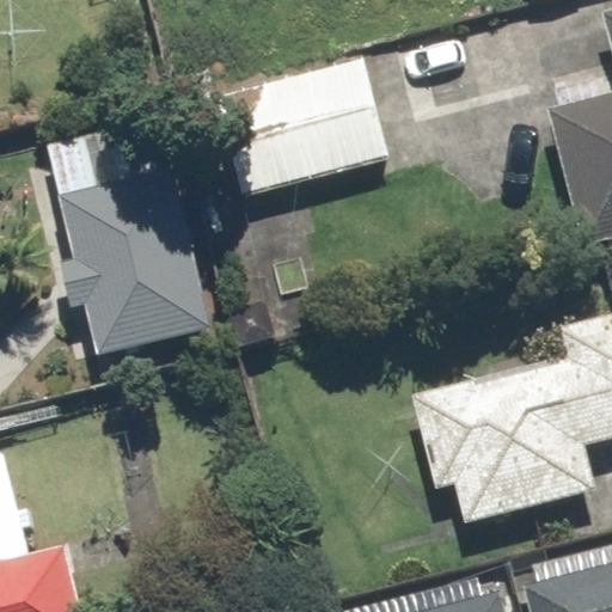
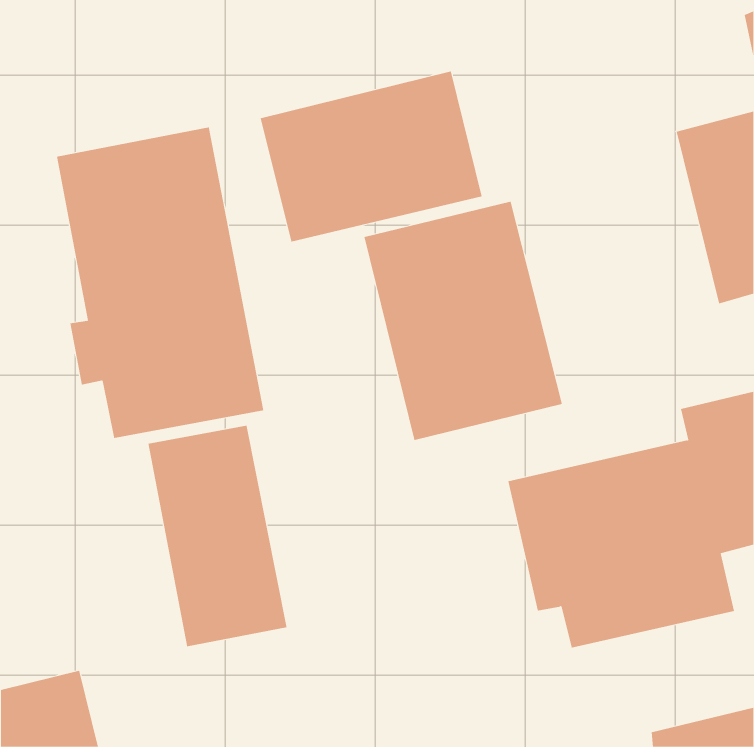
building: none -> [364,201,563,441]
building: none -> [148,425,287,647]

